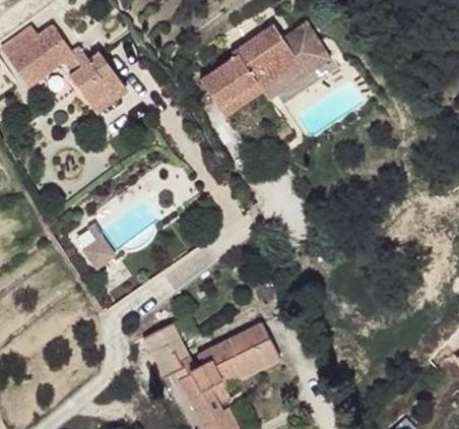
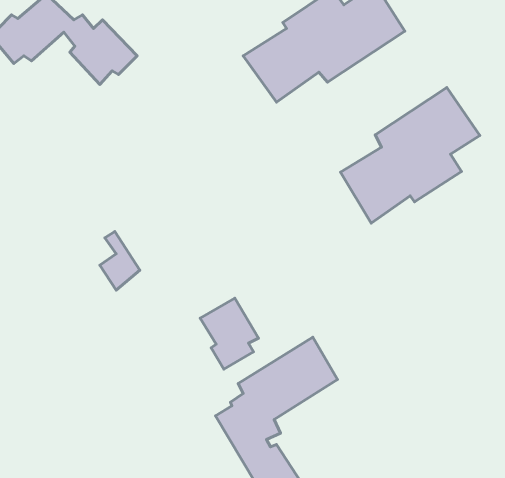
building: none -> [340,87,480,223]
building: [138,322,186,380] -> [200,298,259,369]

